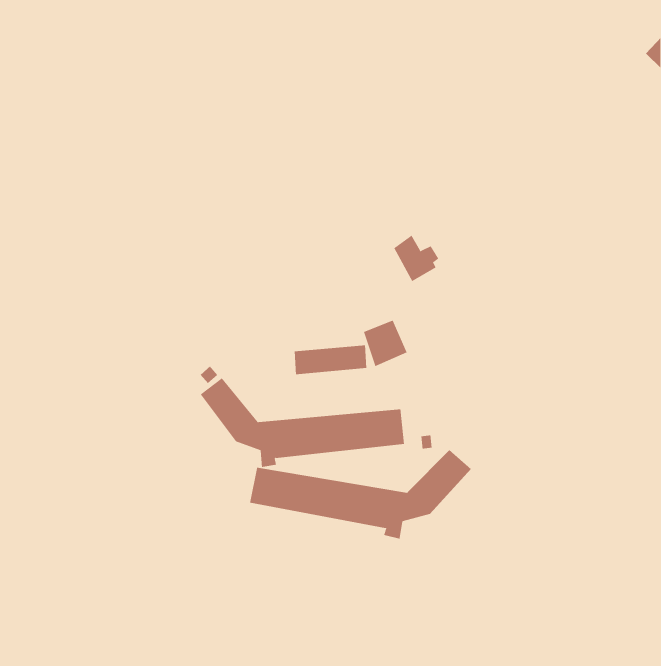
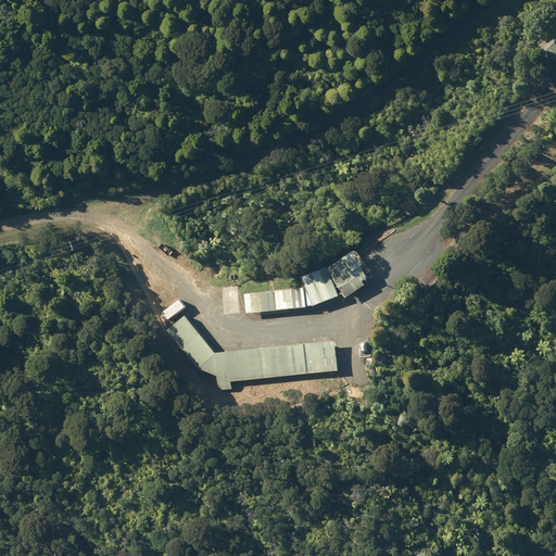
building: [393,235,439,282] -> [329,257,367,296]
building: [250,449,472,539] -> none

